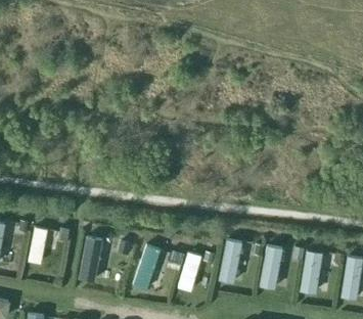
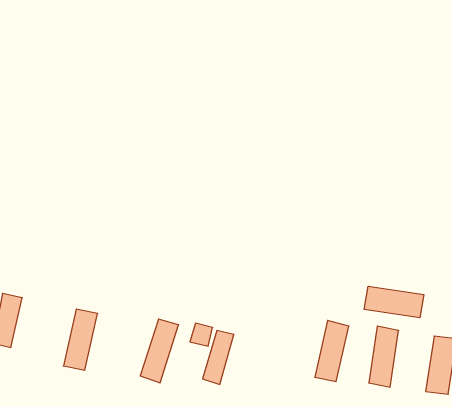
building: none -> [364,286,424,318]
building: [219,238,243,282] -> none

